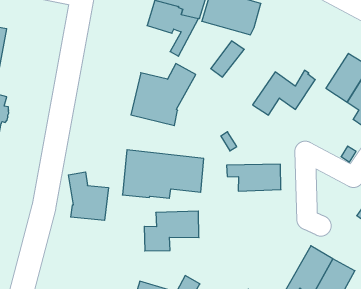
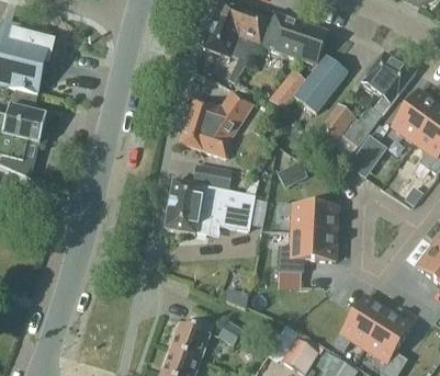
building: none -> [361,52,416,116]
building: none -> [294,56,348,113]
building: none -> [350,133,390,176]
building: none -> [193,162,232,187]
building: [68,172,108,220] -> none
building: [144,211,199,251] -> [277,231,337,273]

